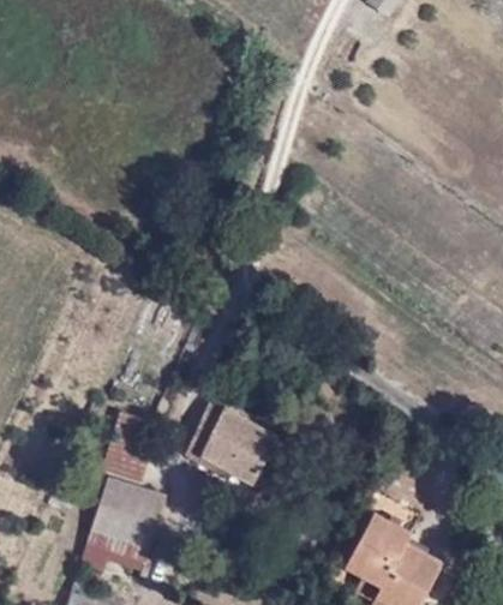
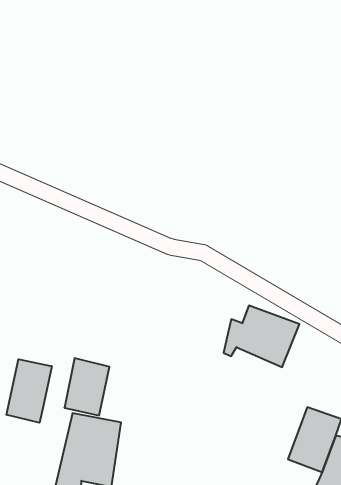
building: [190,413,280,487] -> [224,306,299,367]
building: none -> [7,359,52,423]

